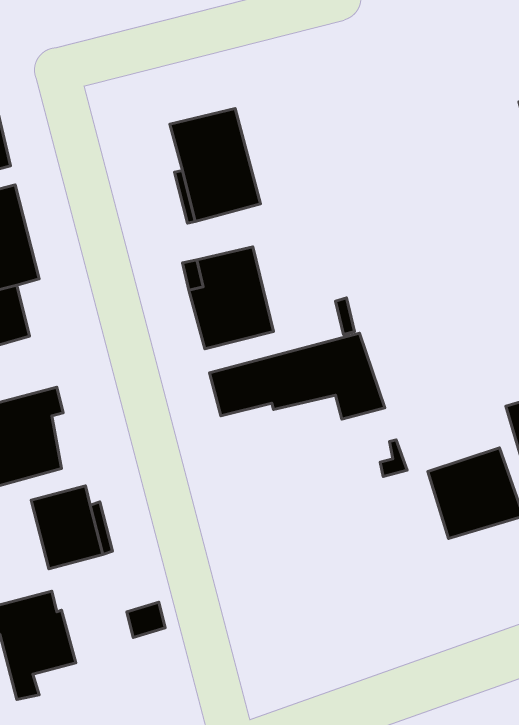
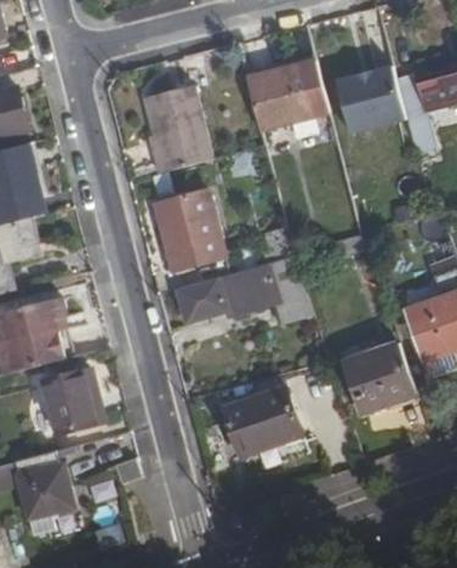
building: none -> [244,58,329,132]
building: none -> [331,68,400,136]
building: none -> [221,391,299,456]

